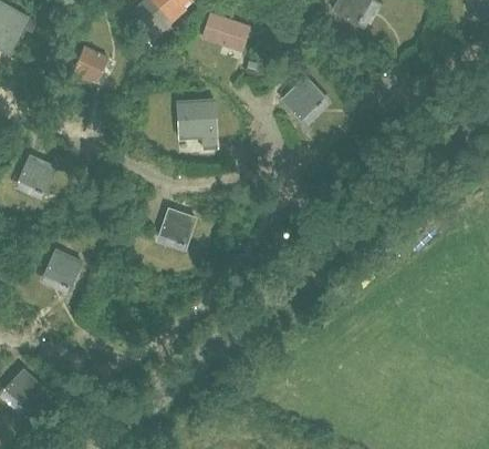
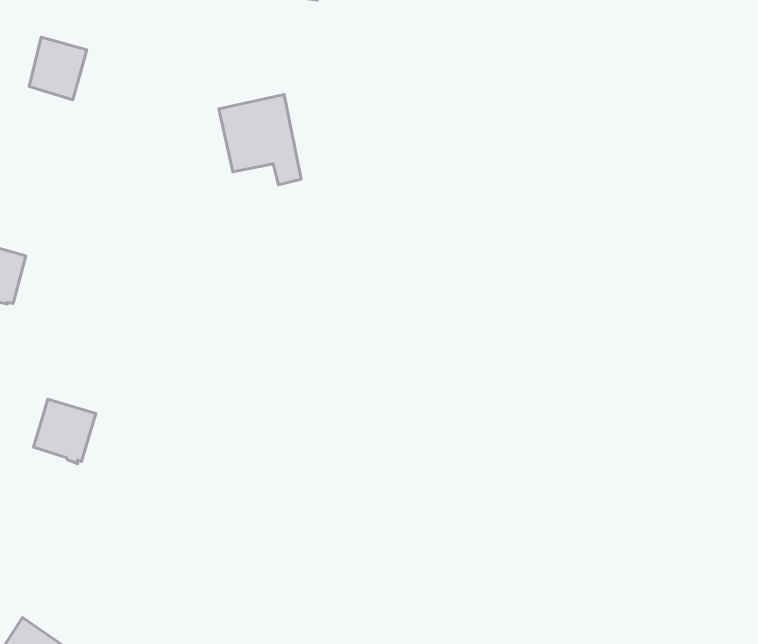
building: [282,75,326,120] -> none
building: [158,207,195,245] -> none

